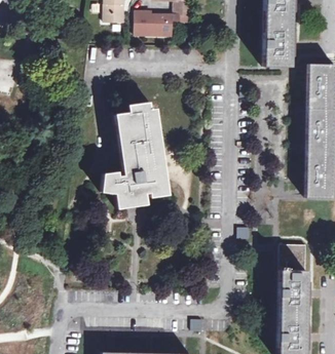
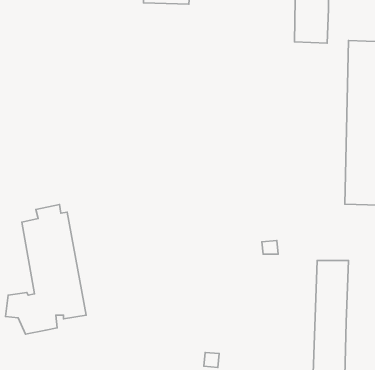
building: [101,102,166,207] -> [5,205,86,334]

